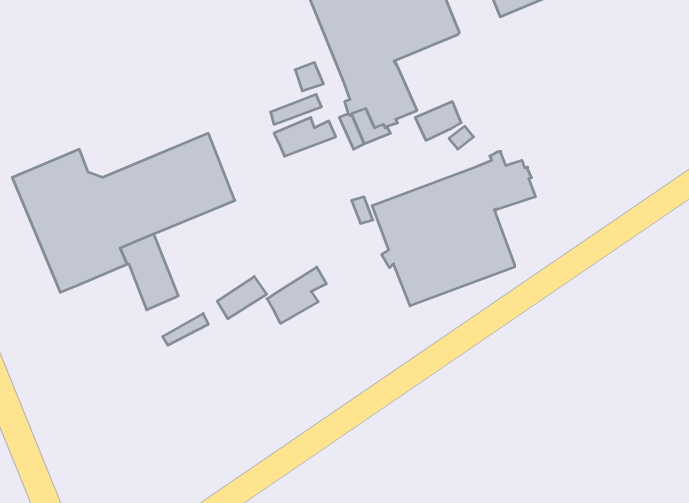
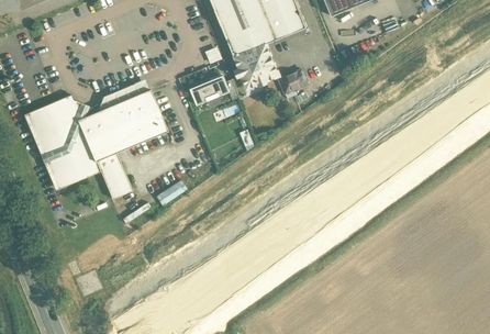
building: [372,151,535,306] -> none
building: [267,267,326,323] -> none

